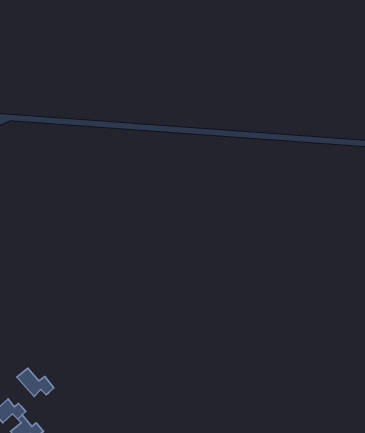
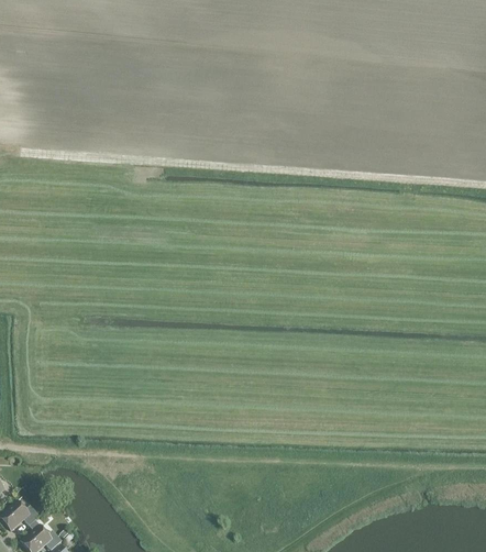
building: [17,368,54,397] -> none

